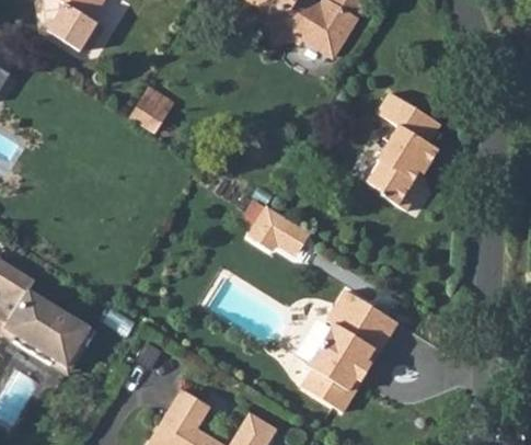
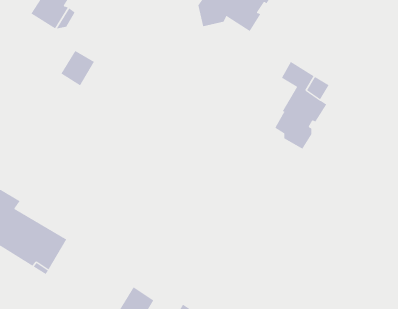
building: [136,83,181,130] -> [61,50,95,86]
building: [250,206,307,250] -> none
building: [302,292,396,412] -> none

